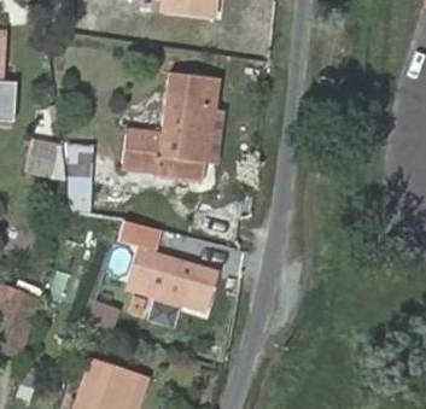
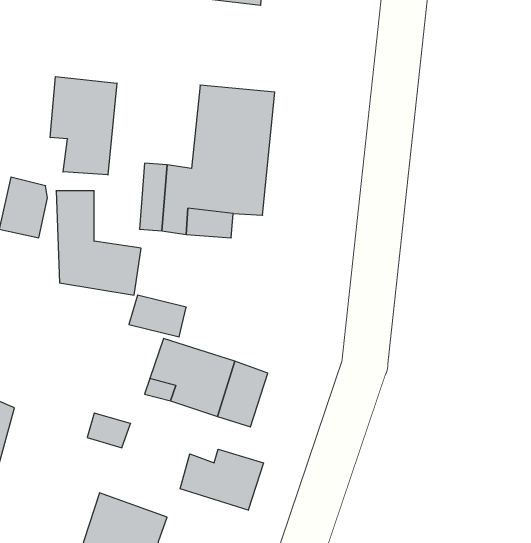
building: none -> [50,77,117,175]
building: none -> [180,449,263,510]

